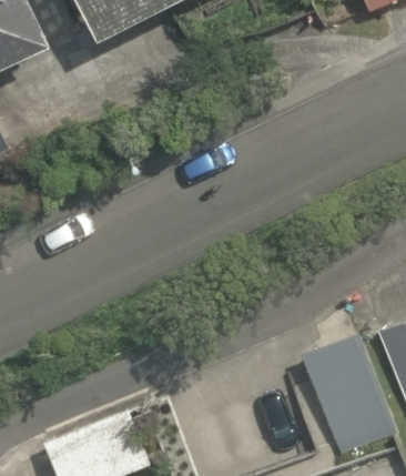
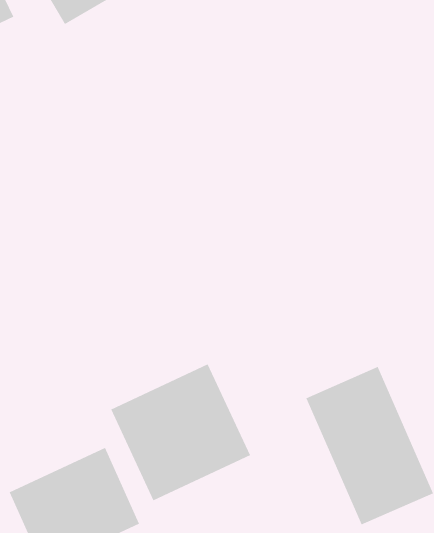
building: none -> [110,364,251,501]

